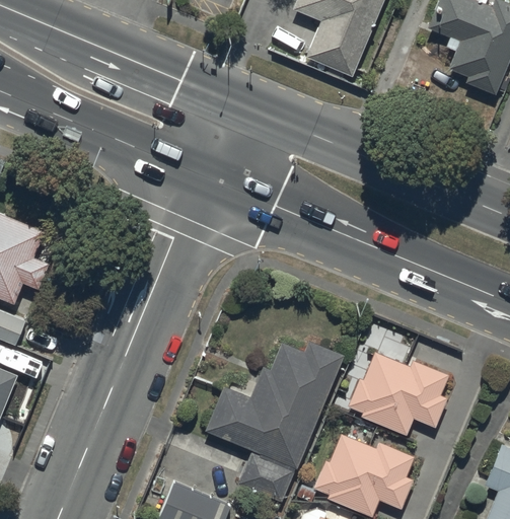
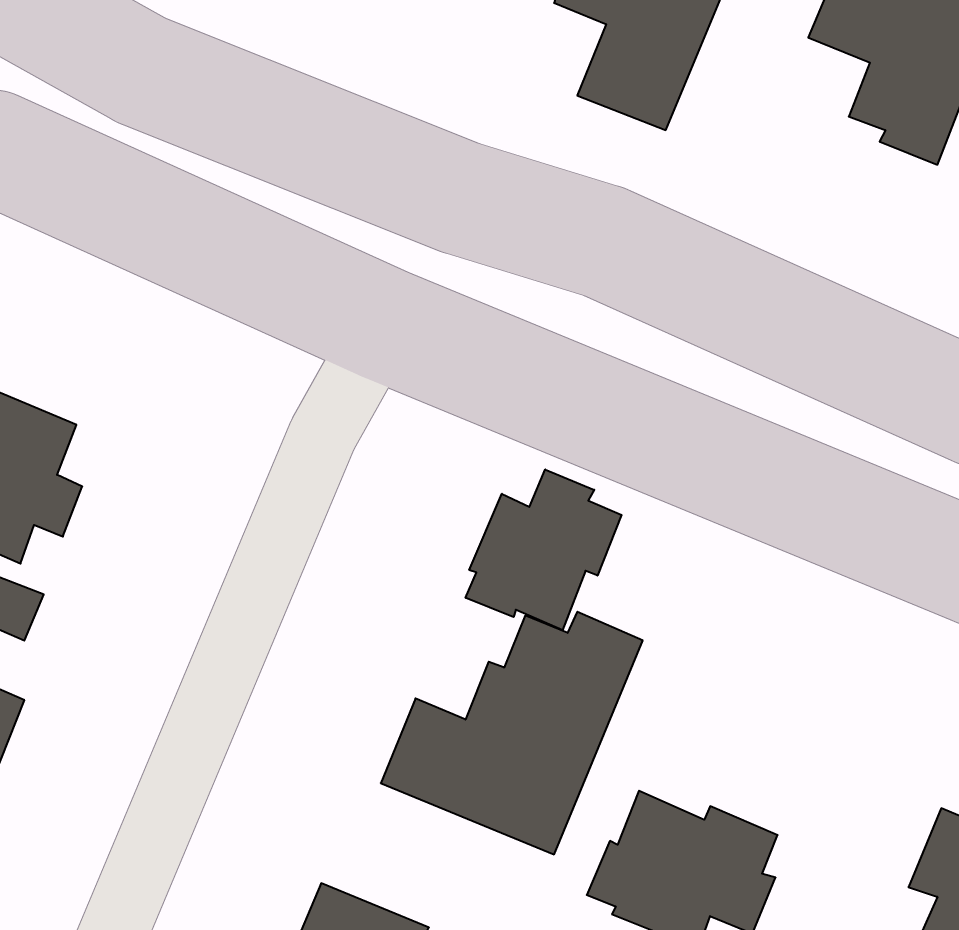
building: none -> [466,469,622,630]
building: [348,350,448,433] -> none
building: [237,450,294,500] -> none

